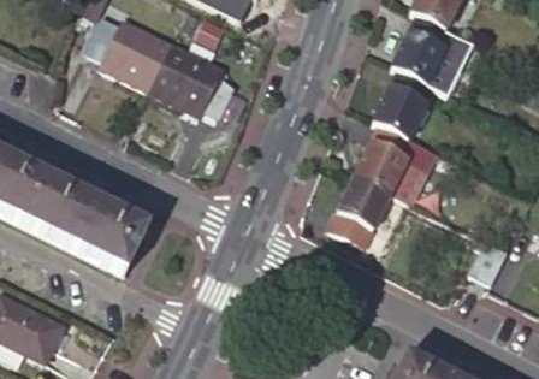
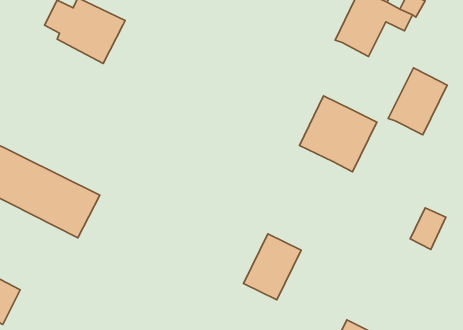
building: [150,46,232,117] -> none
building: [373,69,434,138] -> [388,68,447,135]
building: [330,176,390,244] -> [243,234,301,300]

